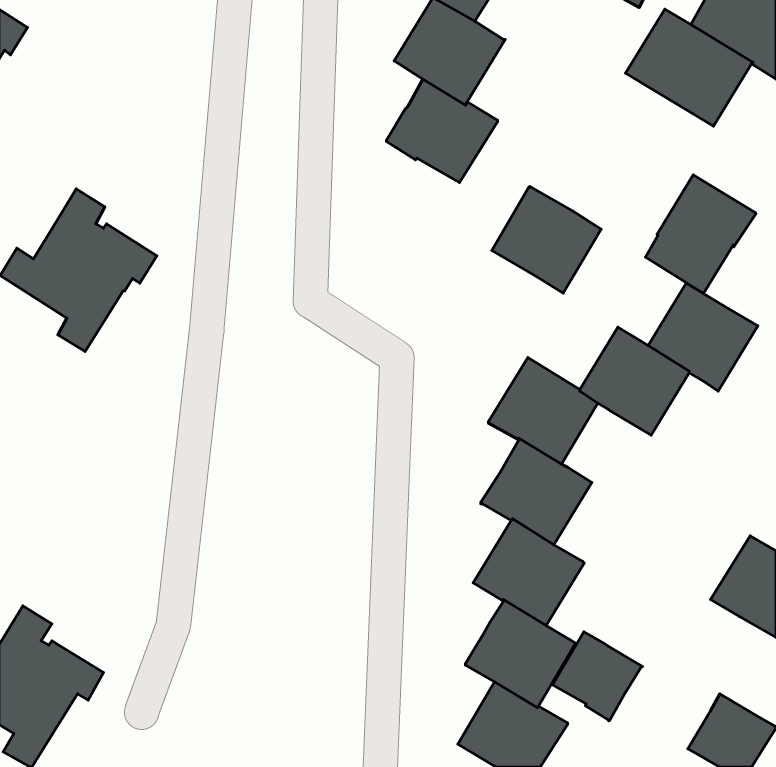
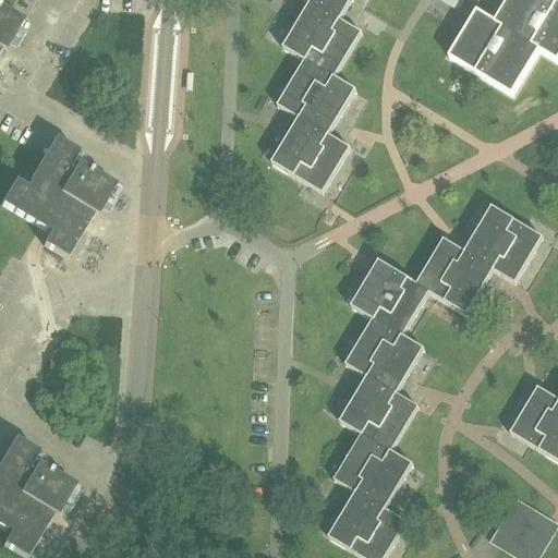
building: [646,175,756,294] -> none
building: [492,187,601,293] -> [271,113,350,190]
building: [552,632,642,721] -> none

